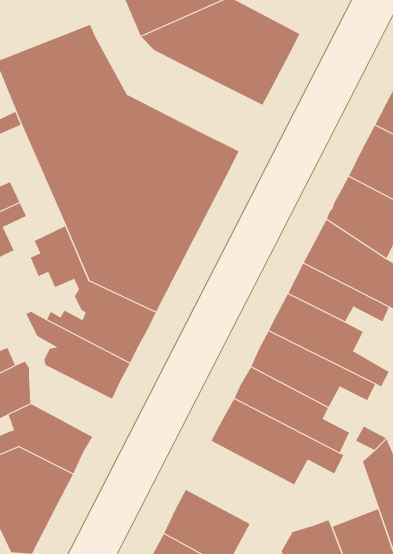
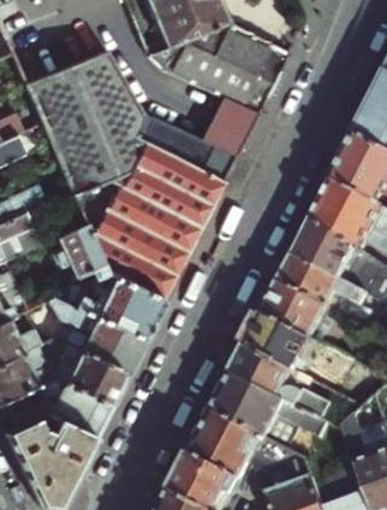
building: none -> [200,96,256,154]
building: none -> [49,334,125,402]
building: none -> [189,406,316,479]

